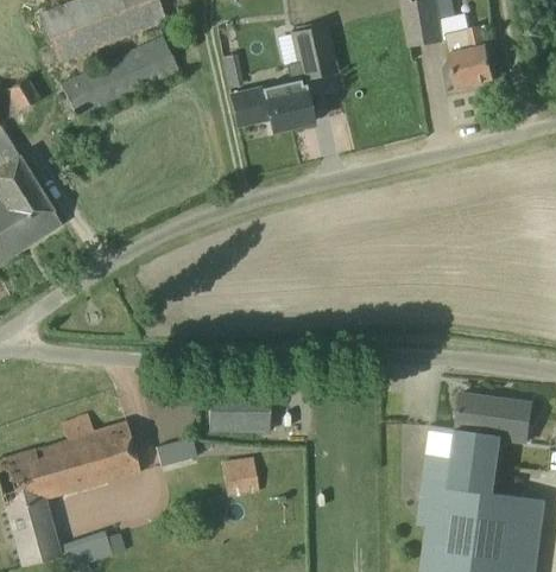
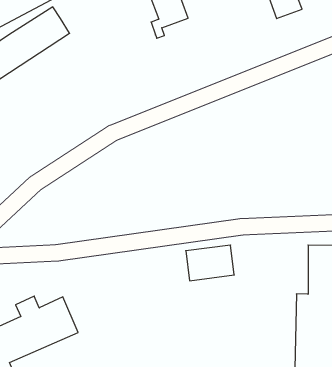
building: [229,87,311,131] -> none
building: [208,390,268,431] -> [186,245,234,281]
building: [154,437,194,466] -> none
building: [221,455,259,498] -> none

